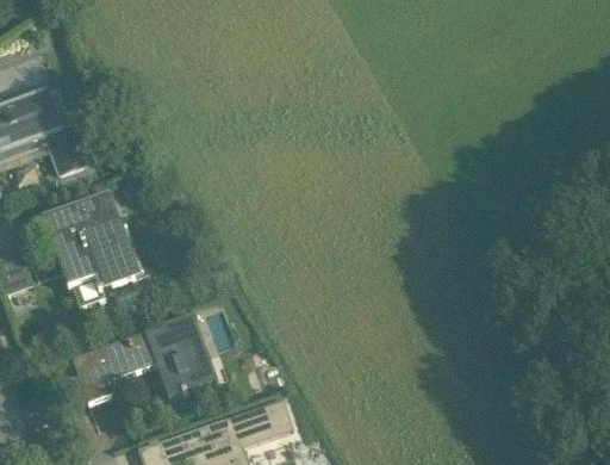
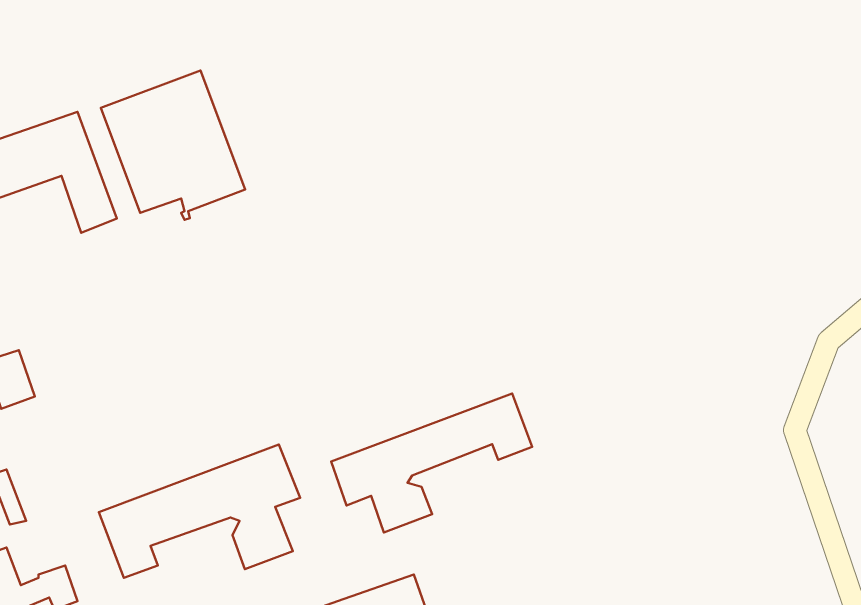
building: [42,194,138,294] -> [101,70,245,220]
building: none -> [331,393,532,533]

